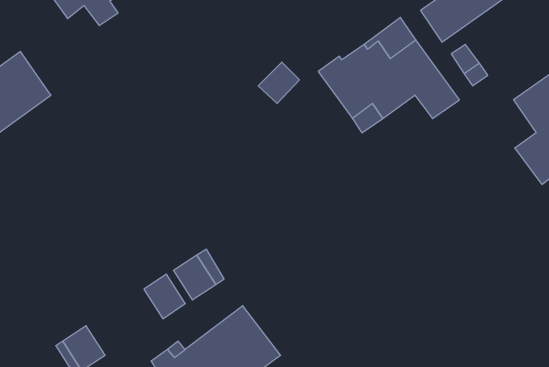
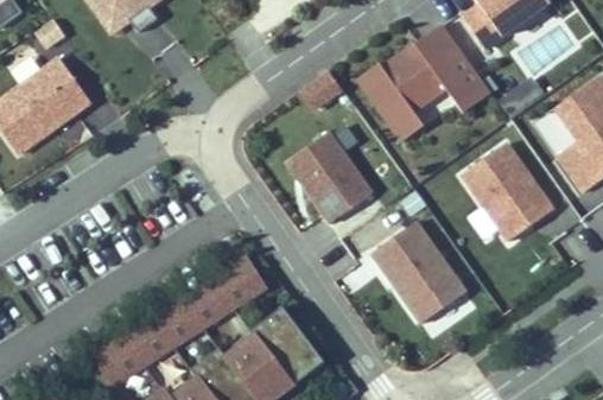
building: none -> [287,132,372,222]
building: none -> [463,142,553,240]
building: none -> [373,221,466,322]
building: none -> [133,301,196,358]

